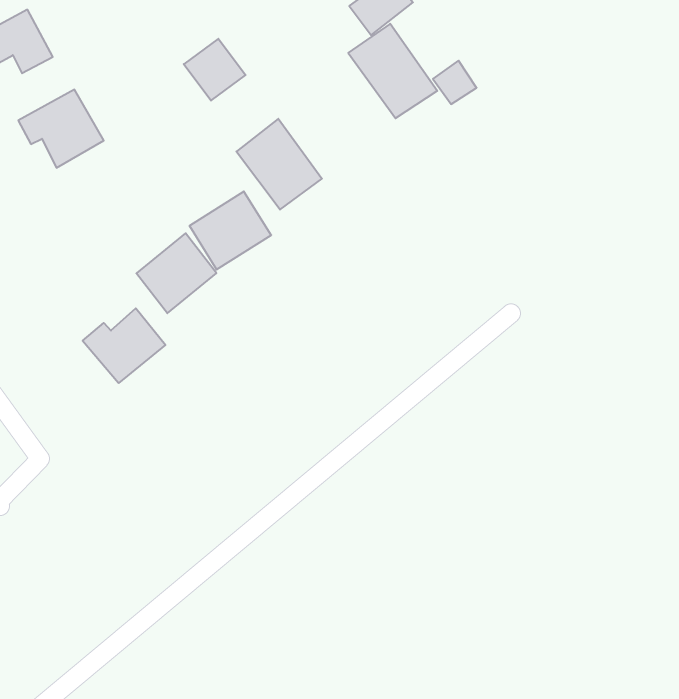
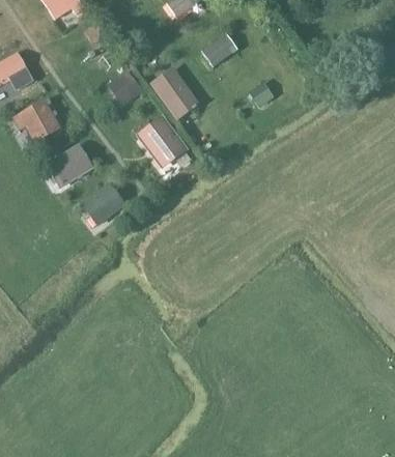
building: [348,24,437,118] -> [149,66,200,120]
building: [189,191,271,270] -> [47,141,93,185]
building: [83,308,165,383] -> none

